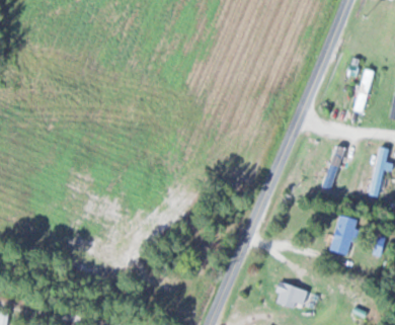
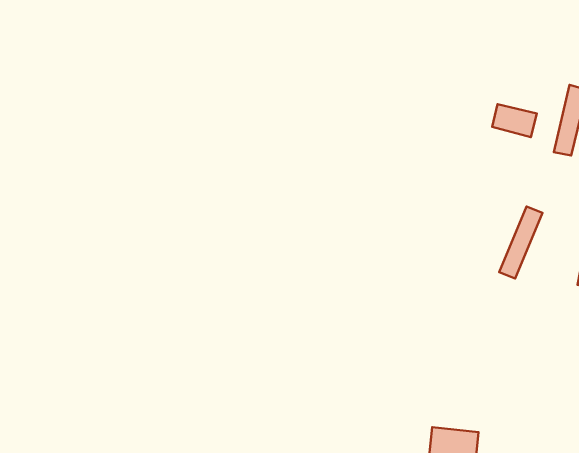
building: none -> [492,104,537,137]
building: [329,214,358,254] -> none

